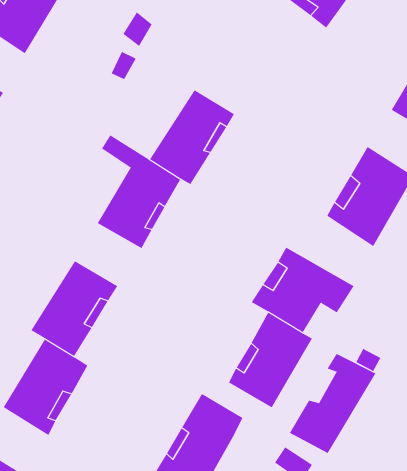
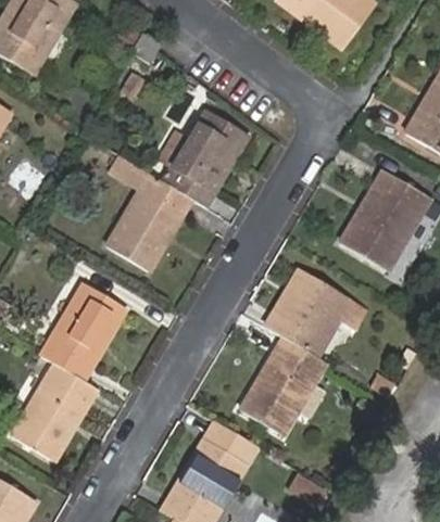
building: [289,353,376,454] -> none

